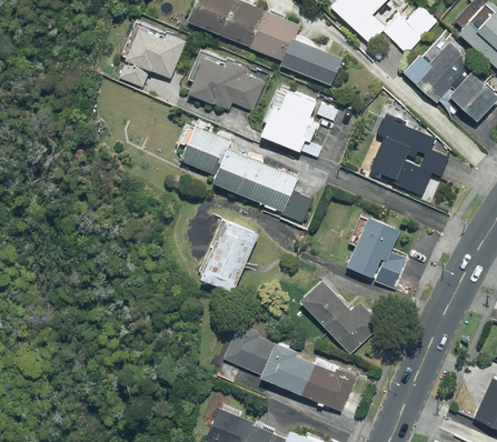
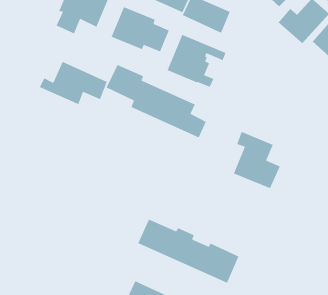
building: [369,114,449,194] -> none
building: none -> [39,61,108,105]
building: [198,220,259,291] -> none
building: [299,280,380,354] -> none

